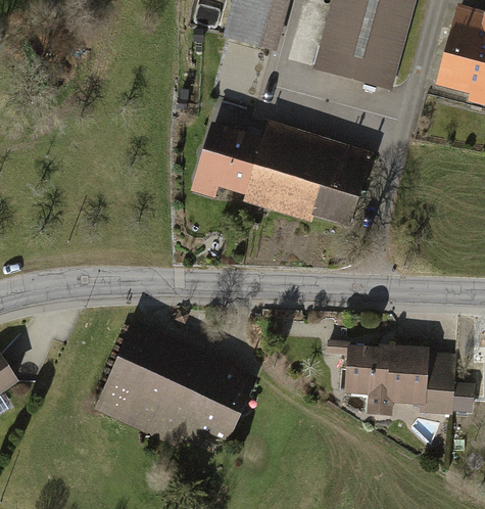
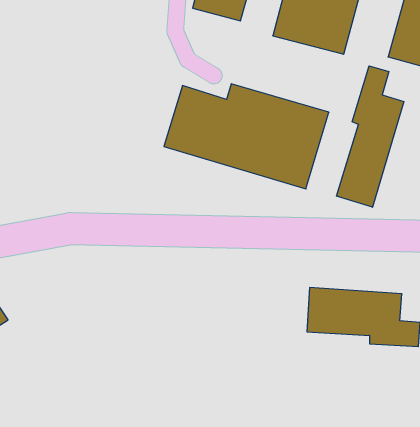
building: none -> [337,66,404,207]
building: [95,325,256,455] -> none

